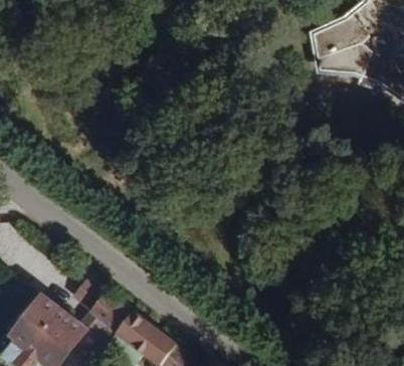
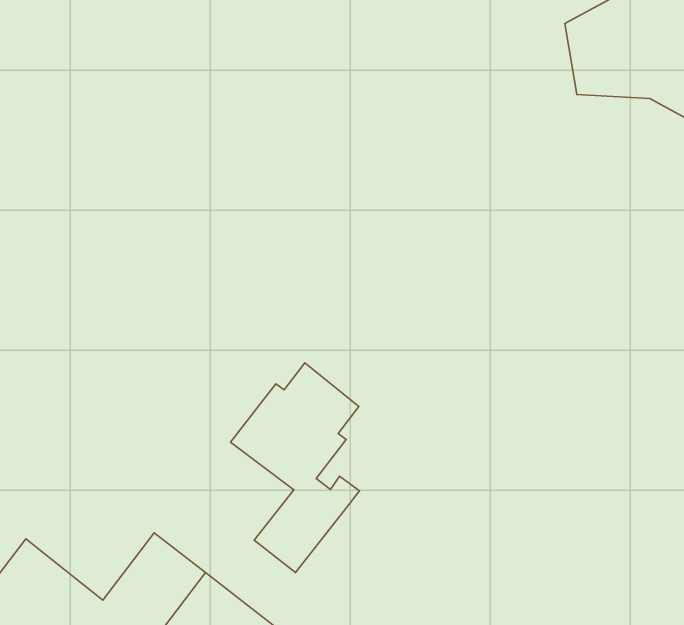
building: none -> [231,363,359,572]

